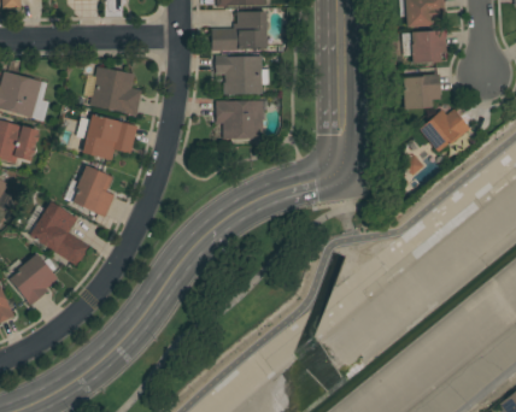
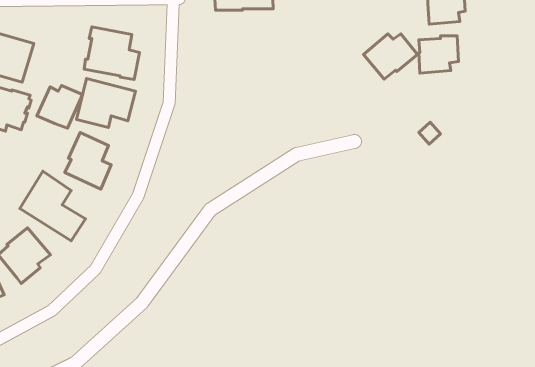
building: [215,55,262,95] -> none
building: [216,101,263,139] -> none
building: [418,110,469,152] -> [363,34,418,79]
building: none -> [37,86,83,128]

